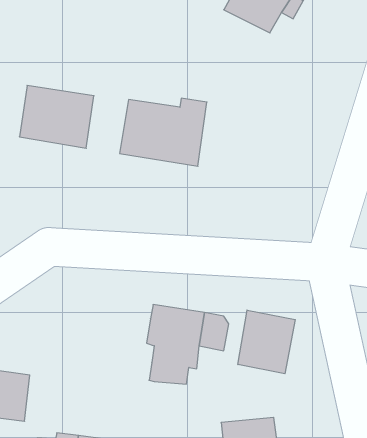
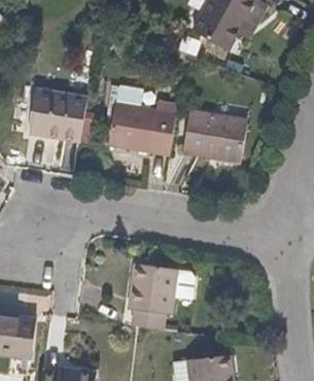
building: none -> [184,109,247,160]
building: [238,310,295,374] -> none

